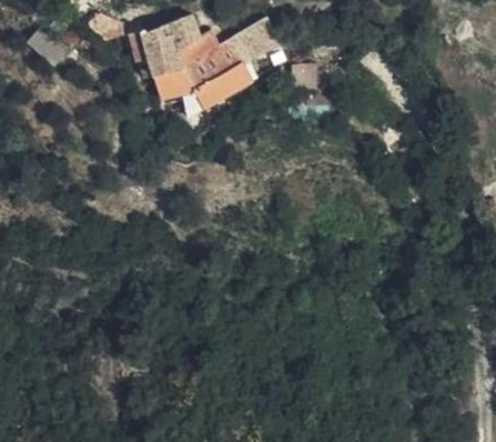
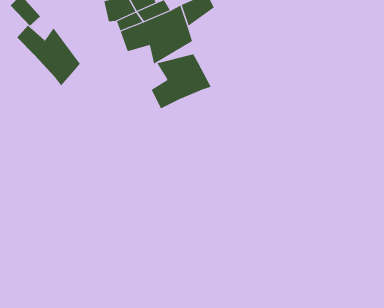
building: none -> [17,25,80,86]
building: none -> [151,54,211,109]

